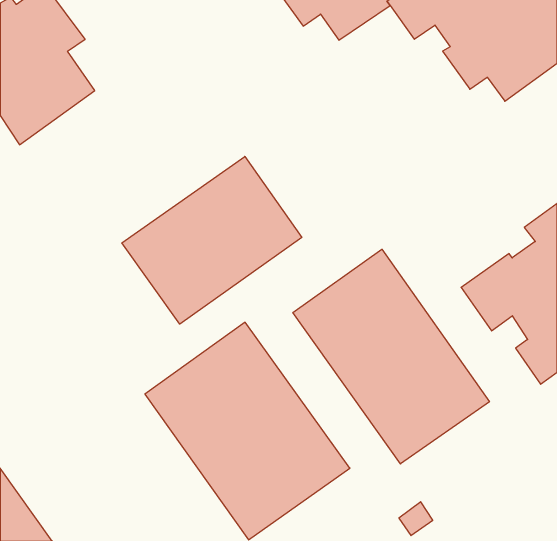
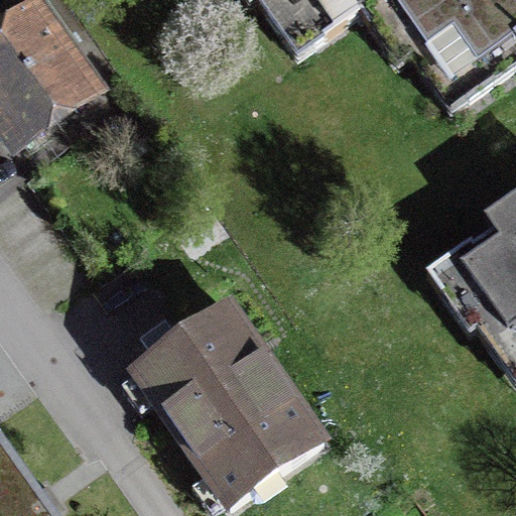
building: [122,156,302,324] -> none
building: [293,249,489,464] -> none

